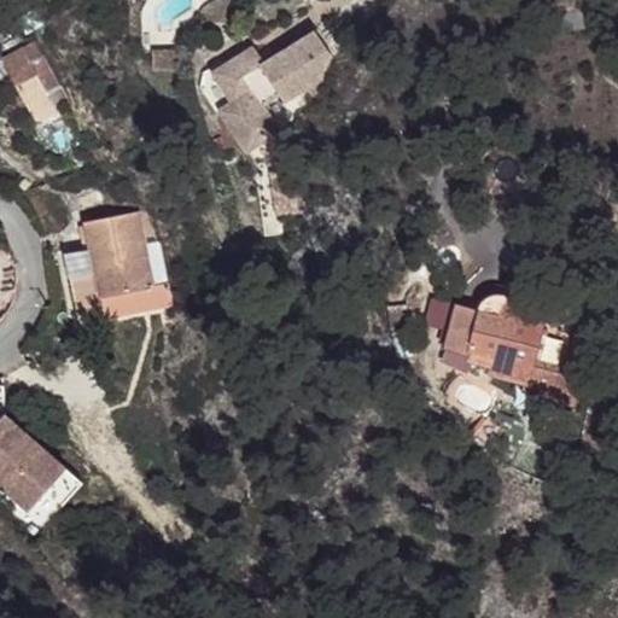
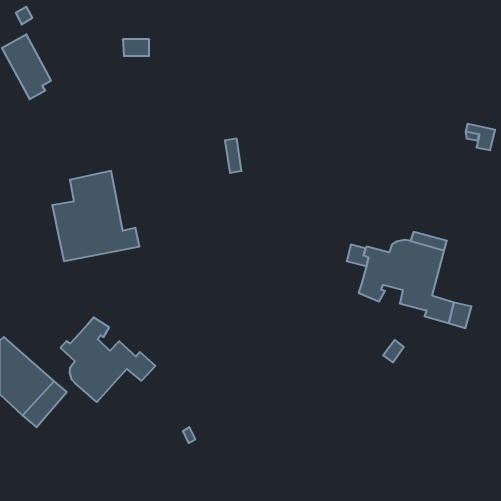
building: [215,31,331,150] -> none
building: none -> [61,317,155,402]

